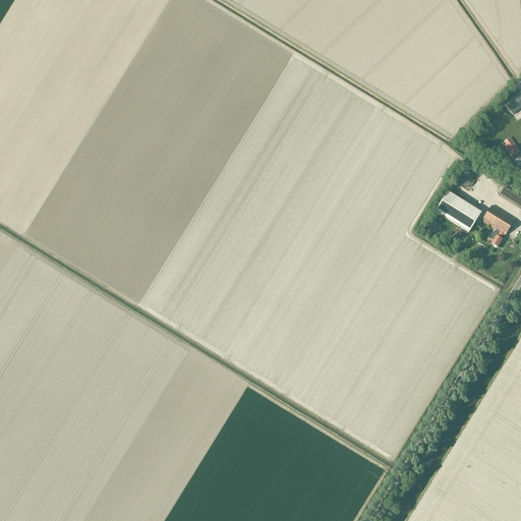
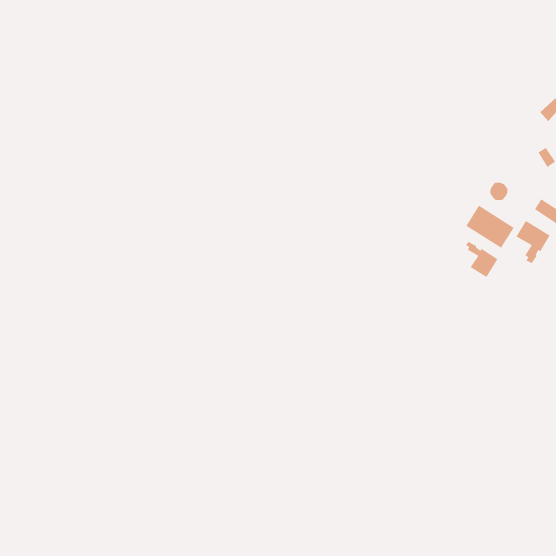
building: none -> [465,241,498,278]

